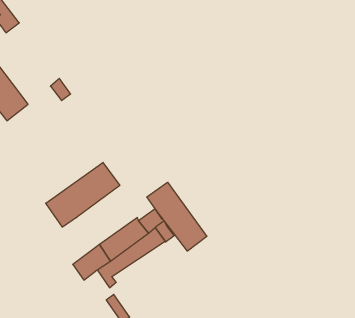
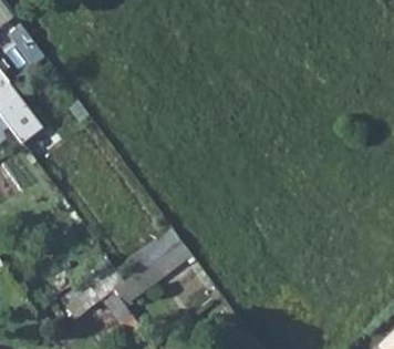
building: [46,162,120,227] -> none
building: [147,182,207,251] -> none

